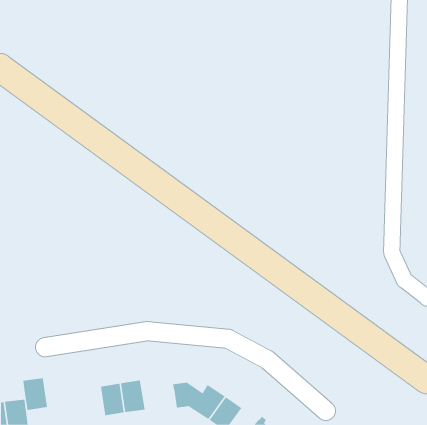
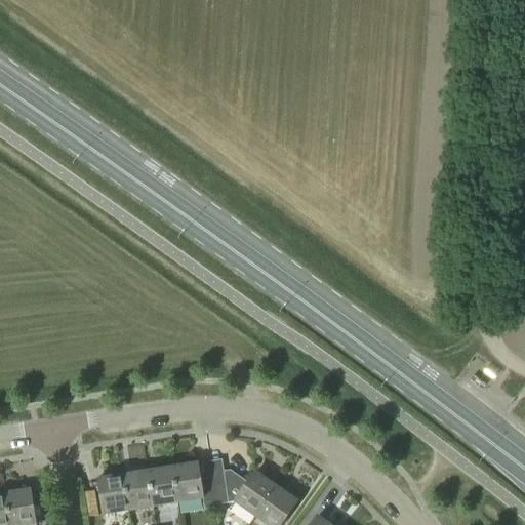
building: none -> [172,462,216,502]
building: [23,378,48,411] -> [97,474,128,514]

